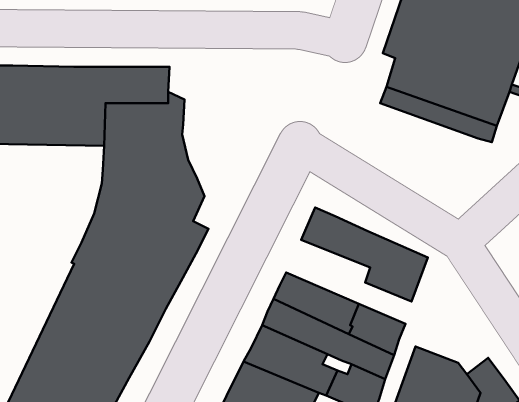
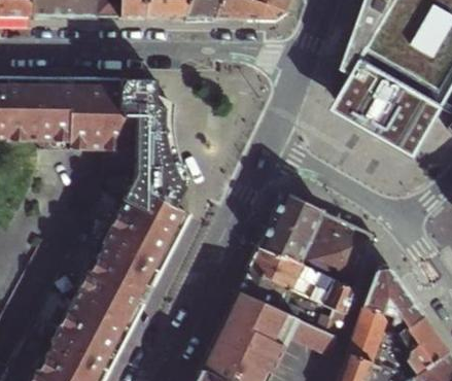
building: none -> [257,221,360,290]
building: none -> [363,269,423,332]

